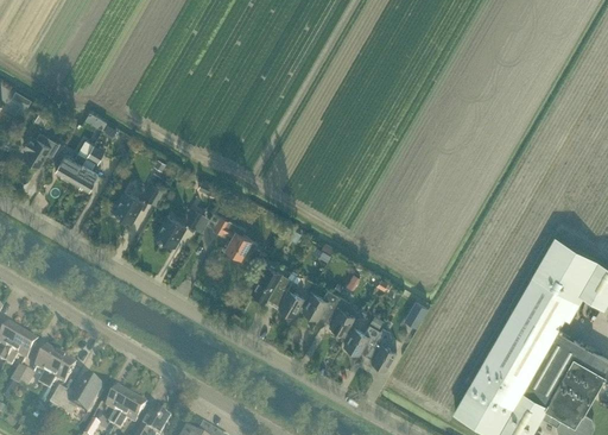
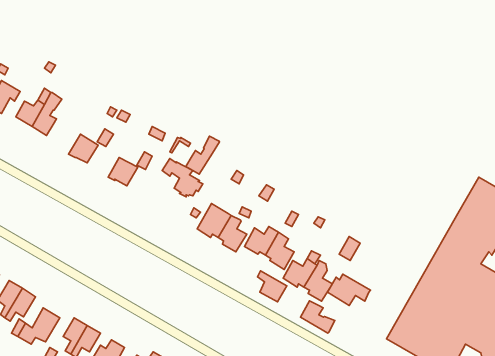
building: none -> [186,136,220,174]
building: none -> [258,271,287,302]
building: none -> [328,274,370,305]
building: none -> [301,301,335,333]

